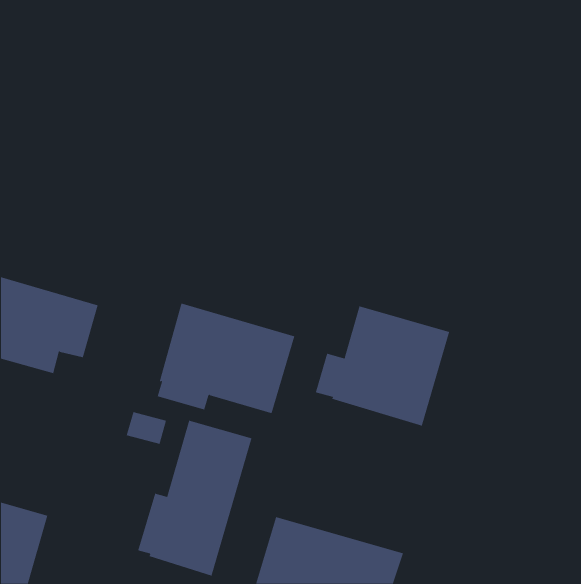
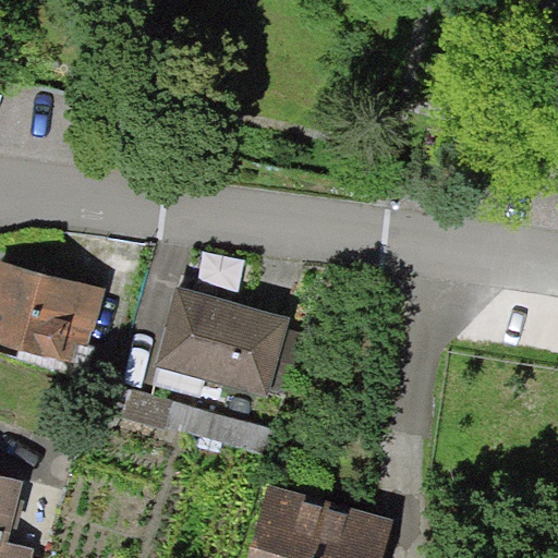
building: [315,306,450,426] -> none
building: [138,420,252,576] -> none

